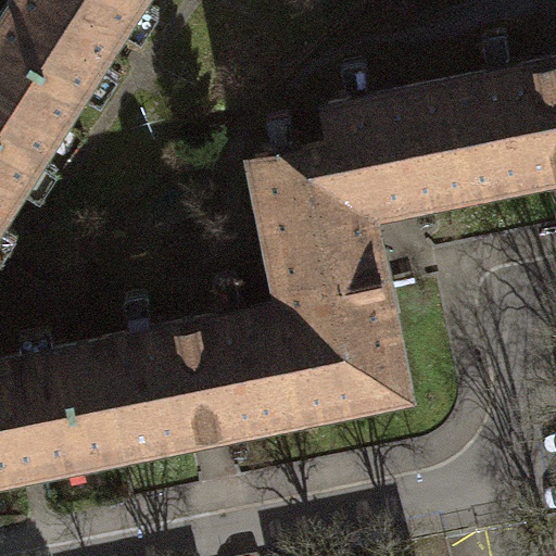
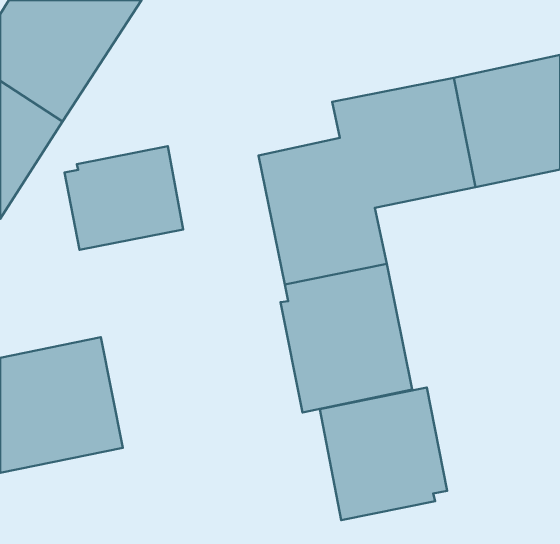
building: none -> [65,146,183,250]
building: [100,315,300,459] -> none
building: none -> [320,388,447,520]

